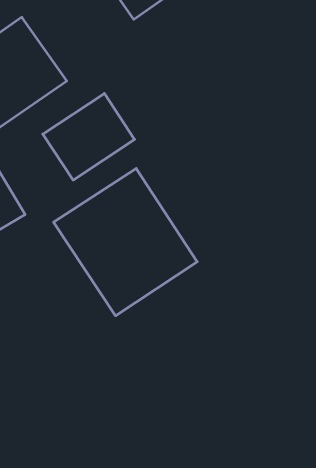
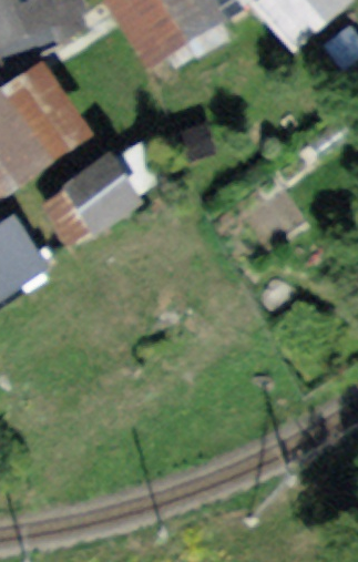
building: [54,168,197,316] -> none

